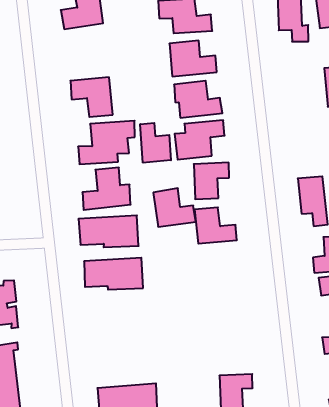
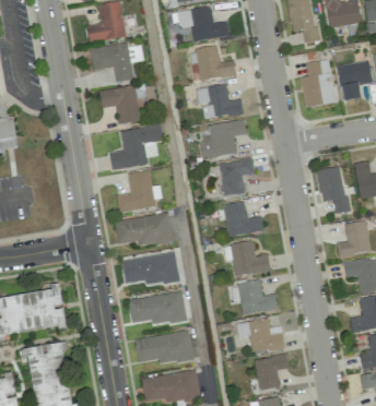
building: none -> [92,44,144,82]
building: none -> [302,60,336,107]
building: [140,123,171,163] -> none
building: [153,188,196,227] -> [230,240,271,277]
building: none -> [232,282,278,314]
building: none -> [128,291,187,326]
building: none -> [237,319,284,353]
building: none -> [136,331,195,366]

